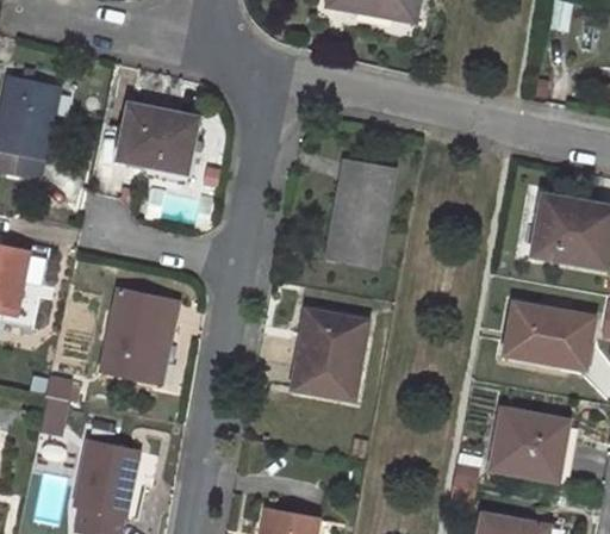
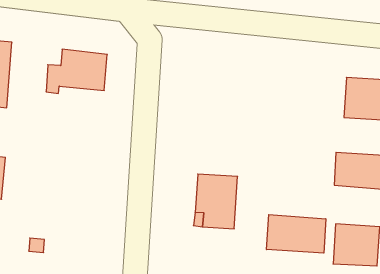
building: [328,162,394,267] -> none
building: [102,290,168,381] -> none
building: none -> [267,215,326,253]

